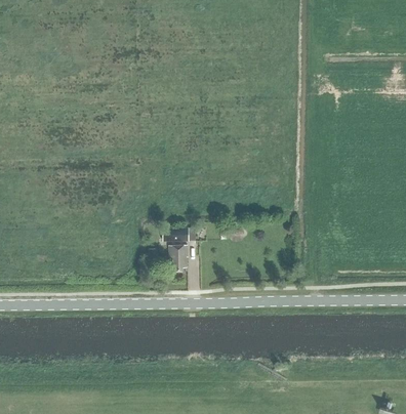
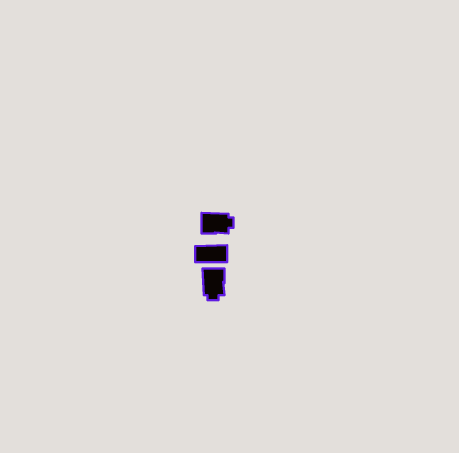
building: none -> [201,213,233,234]

